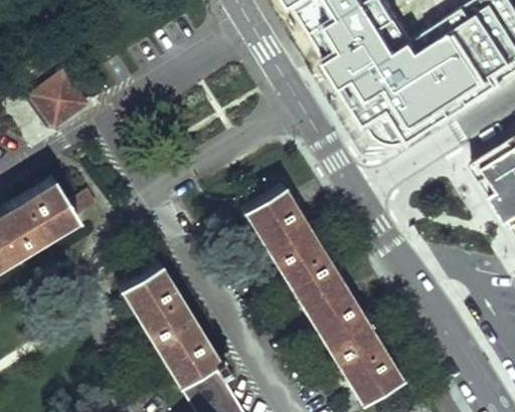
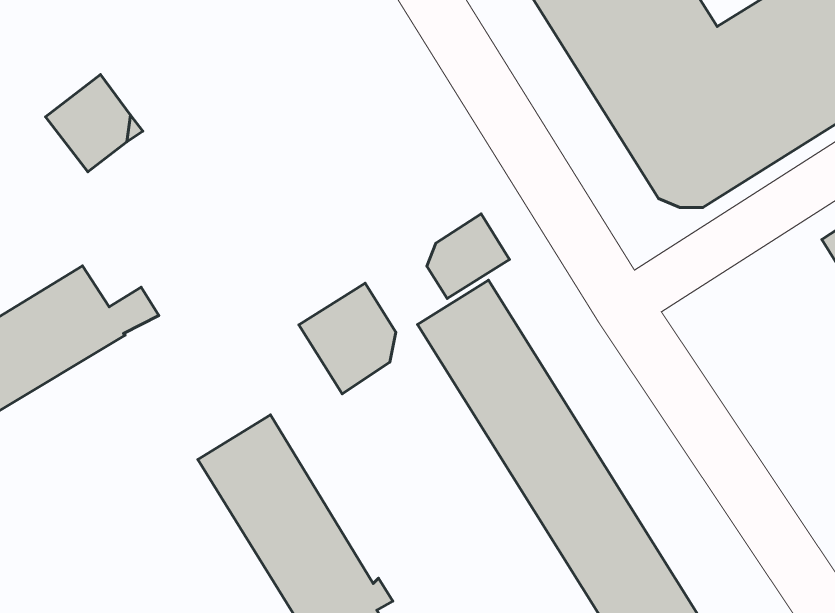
building: none -> [427,214,510,299]
building: none -> [299,283,396,394]

